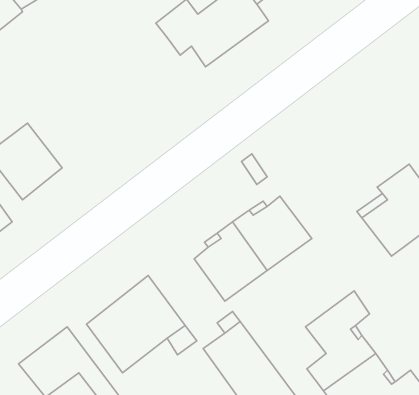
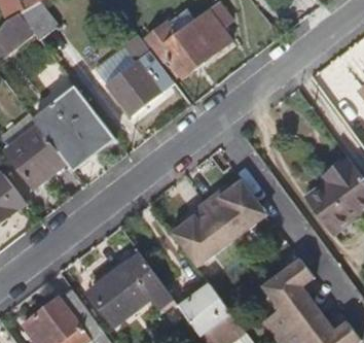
building: none -> [97,45,173,116]
building: none -> [34,88,112,168]

